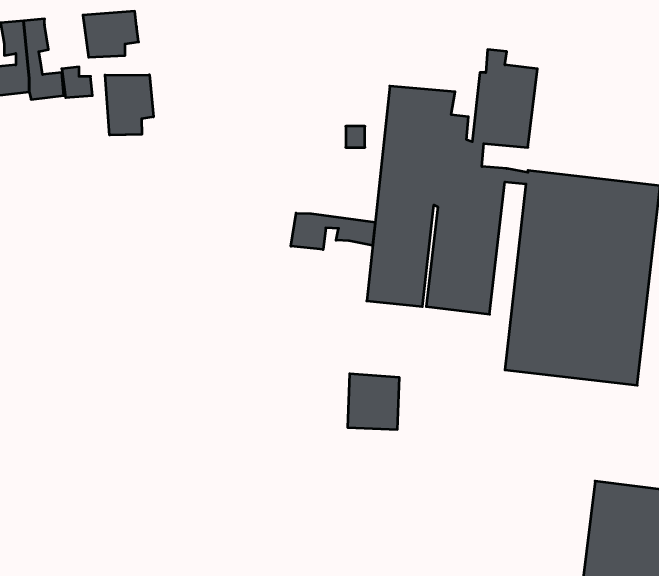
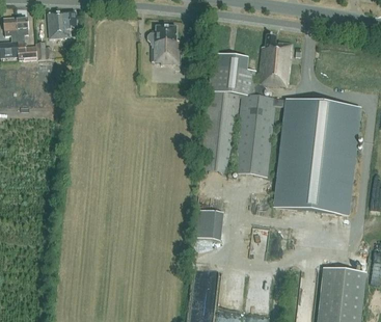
building: none -> [148,25,180,63]
building: [105,75,153,135] -> none
building: [291,213,375,250] -> none

